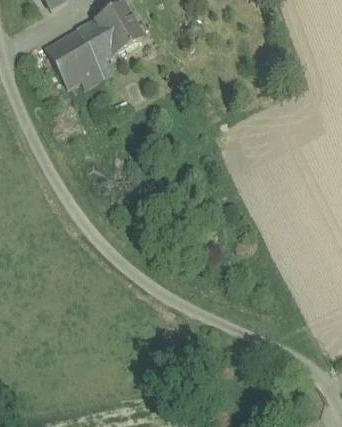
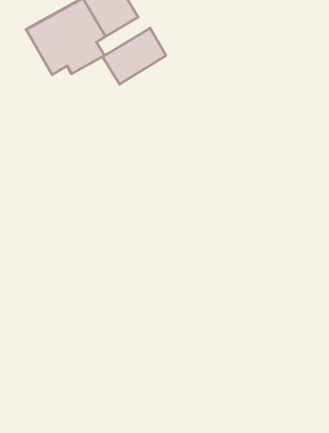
building: none -> [102,28,166,84]

